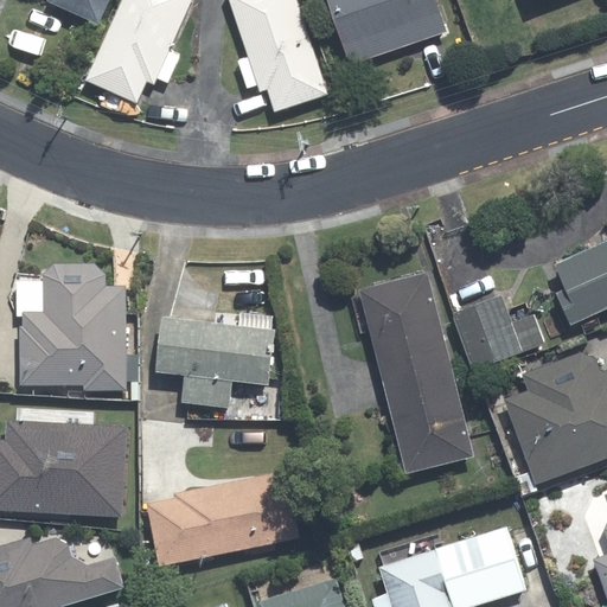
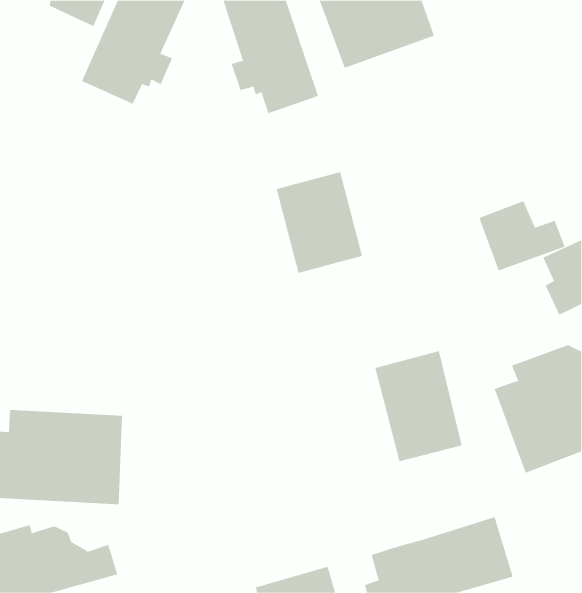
building: [21,262,126,389] -> none
building: [360,271,449,376] -> [276,171,363,274]
building: [453,294,542,366] -> [479,200,565,271]
building: [158,311,275,407] -> none
building: [146,469,299,566] -> none

